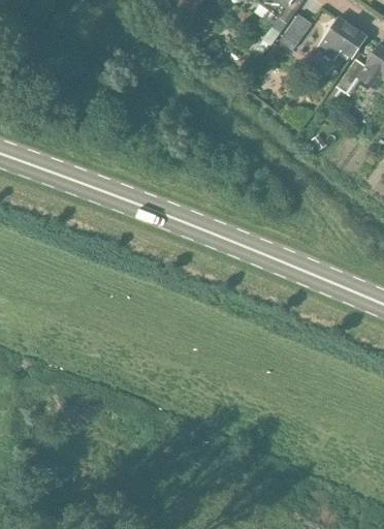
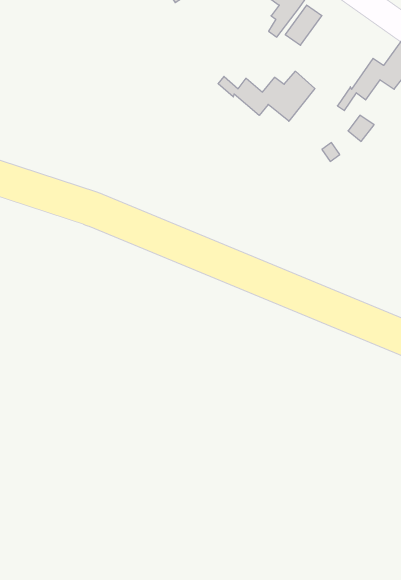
building: [318,14,366,58] -> none
building: none -> [218,71,315,121]

